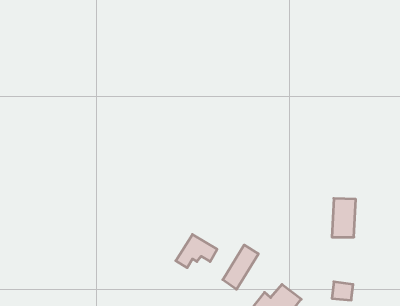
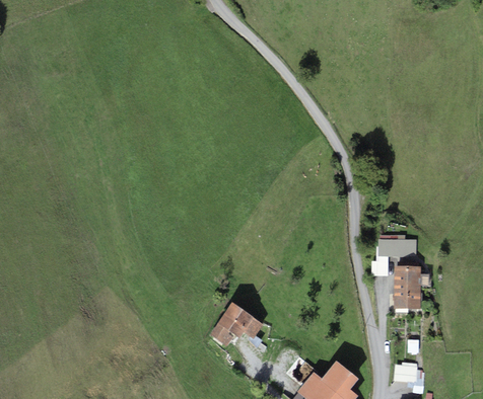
building: none -> [378,237,416,255]
building: [223,245,258,289] -> none

